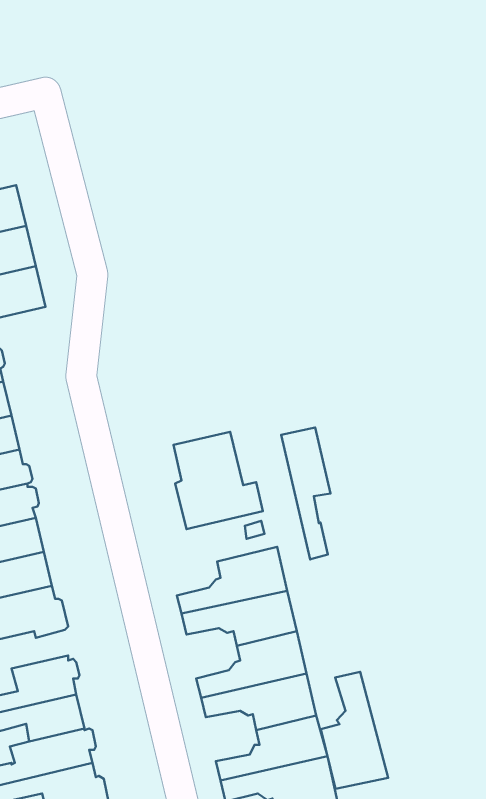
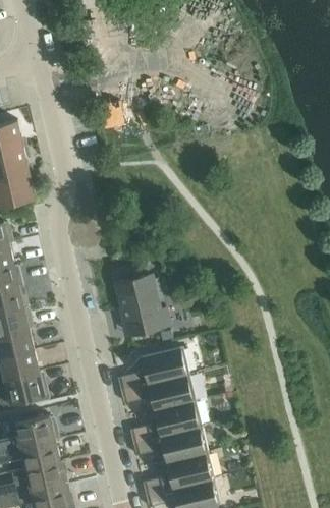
building: [281,427,331,560] -> none
building: [321,672,388,789] -> none

